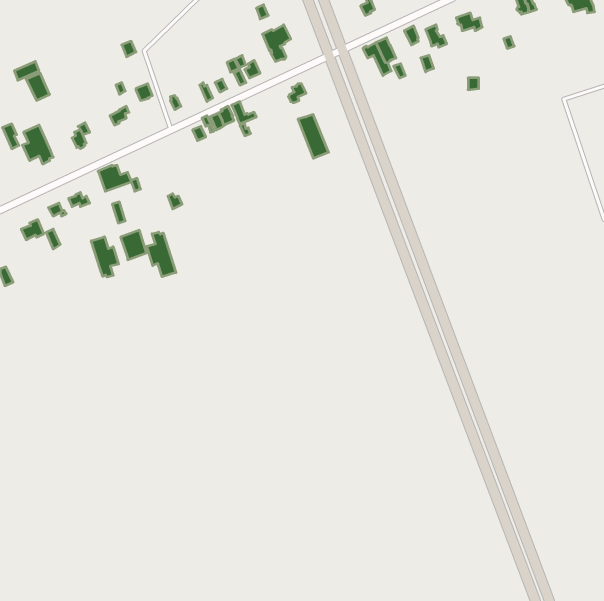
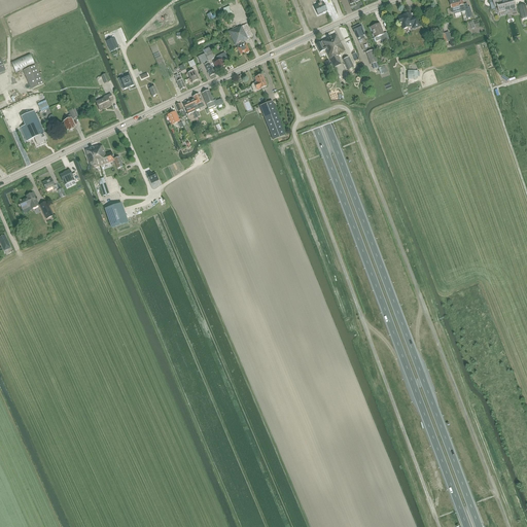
building: [147,232,176,277] -> none
building: [91,237,119,277] -> none

